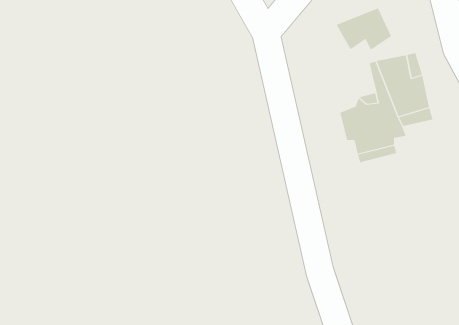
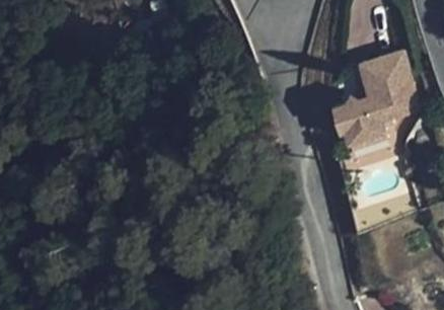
building: [336,8,392,51] -> none

